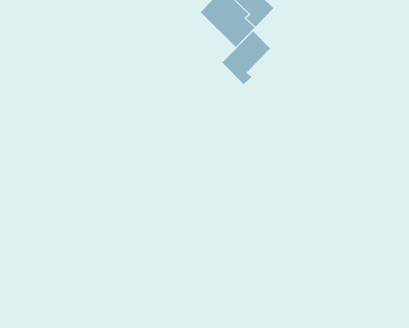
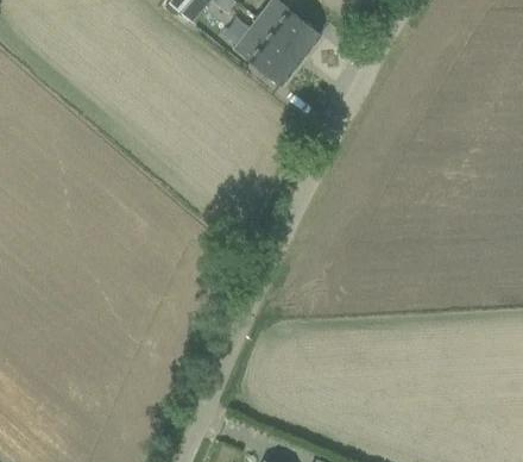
building: [221,31,271,85] -> none

